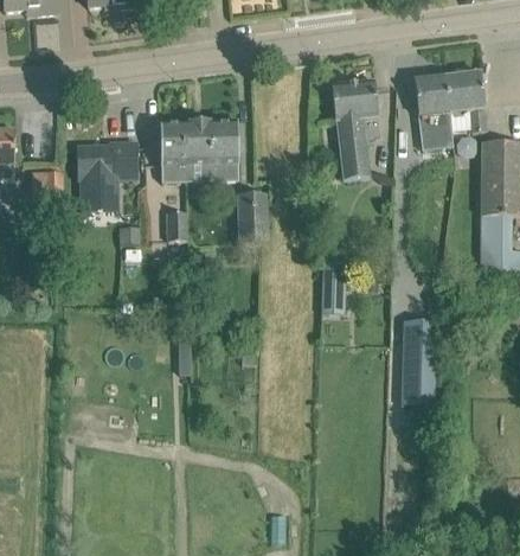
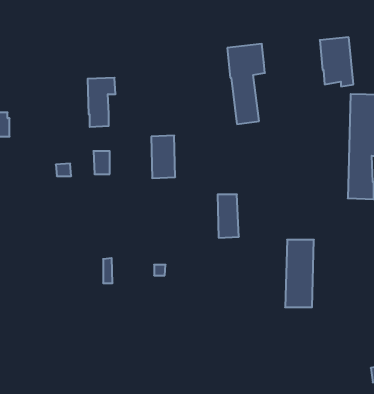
building: [415,75,449,136] -> none
building: [185,120,239,180] -> none
building: [77,141,137,211] -> none

